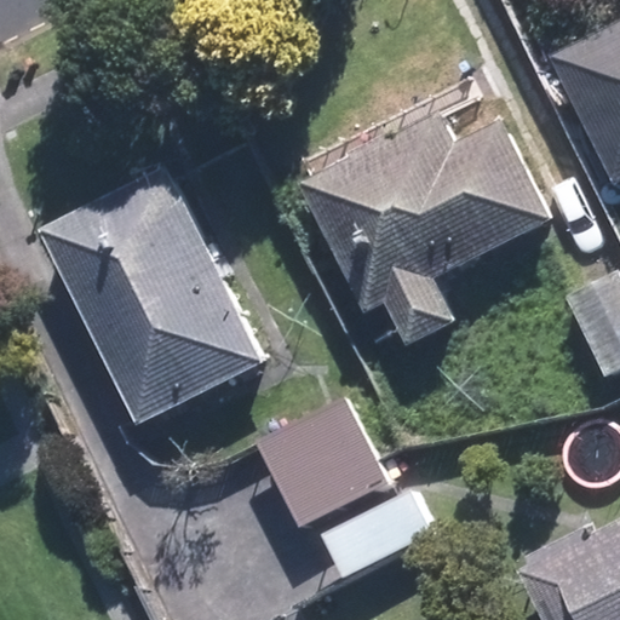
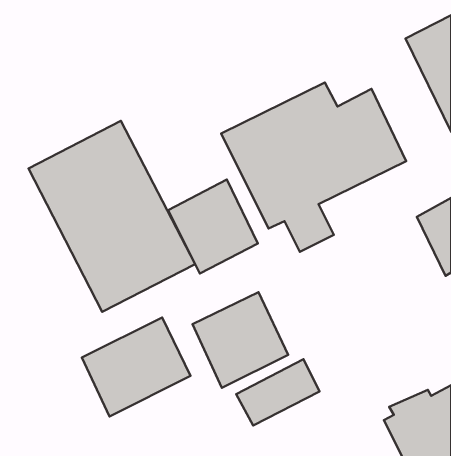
building: none -> [168,179,258,273]
building: none -> [82,318,191,417]

